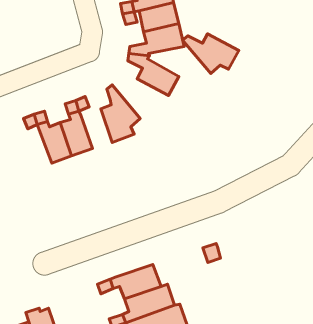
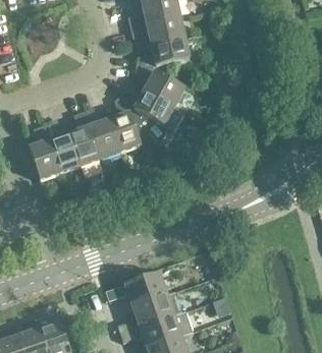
building: [183,34,239,73] -> [120,90,175,128]
building: none -> [90,119,120,158]
building: none -> [29,139,61,179]

